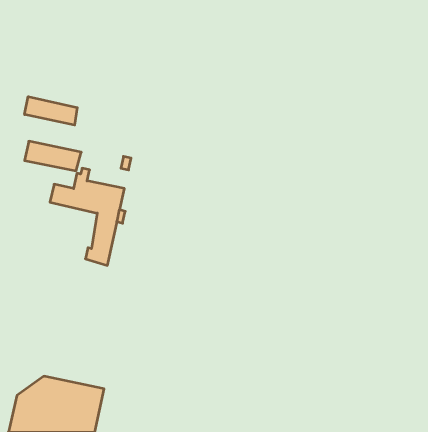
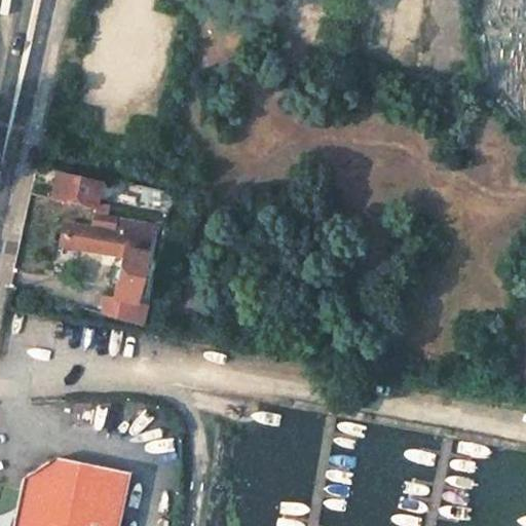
building: [25,97,77,125] -> none

